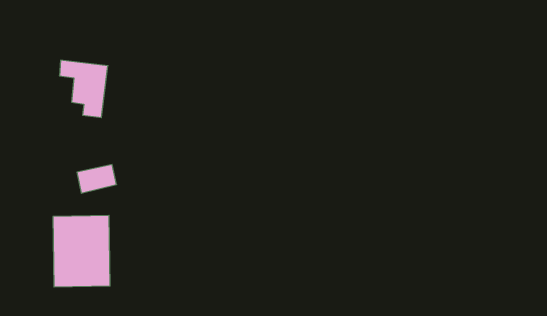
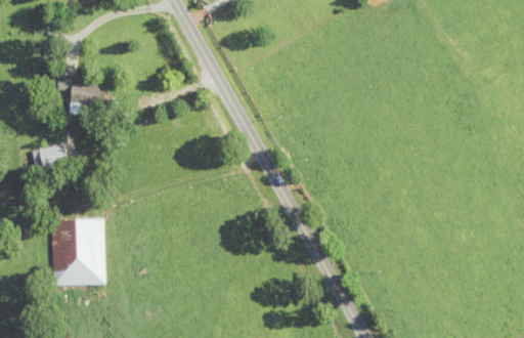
building: [77,165,117,193] -> [32,143,69,170]

